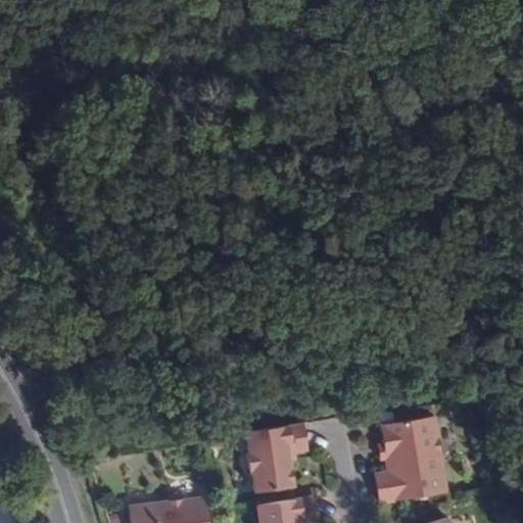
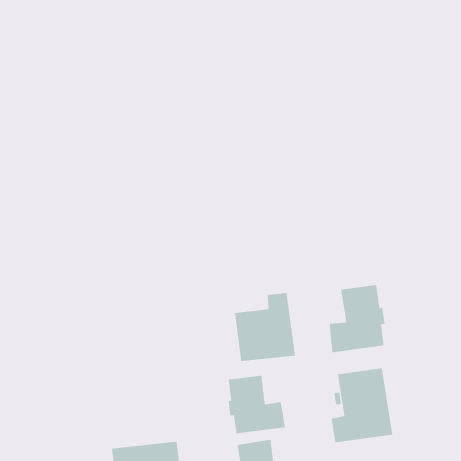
building: none -> [329,284,385,353]
building: none -> [234,292,295,362]

